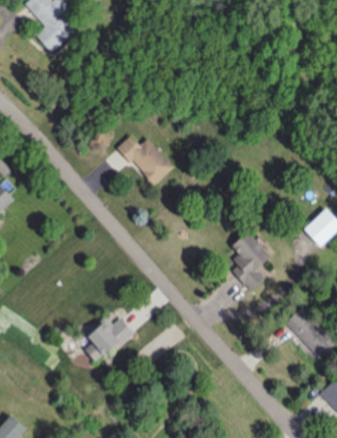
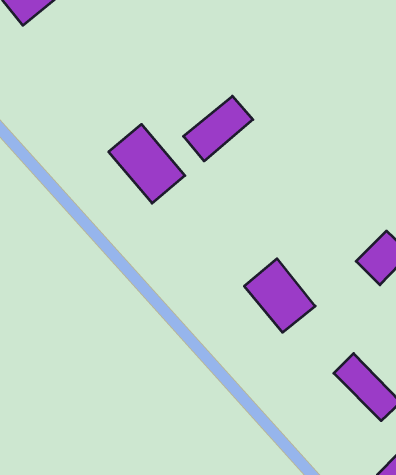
building: none -> [183,96,253,161]
building: [82,311,132,360] -> none

